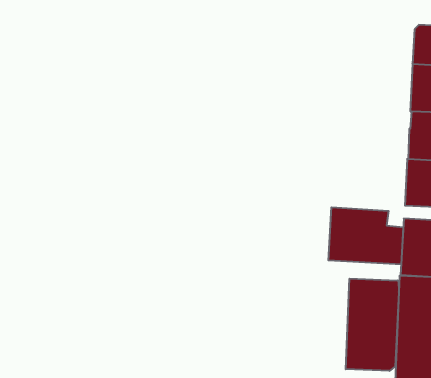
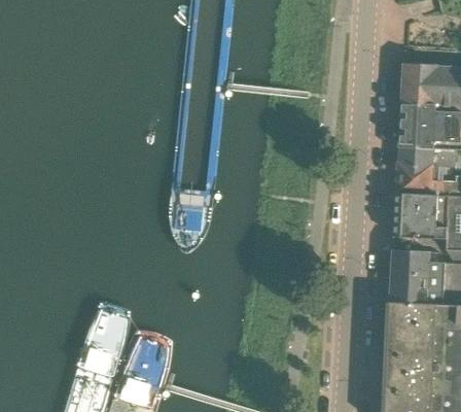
building: [328,207,403,265] -> none
building: [346,279,399,371] -> none

